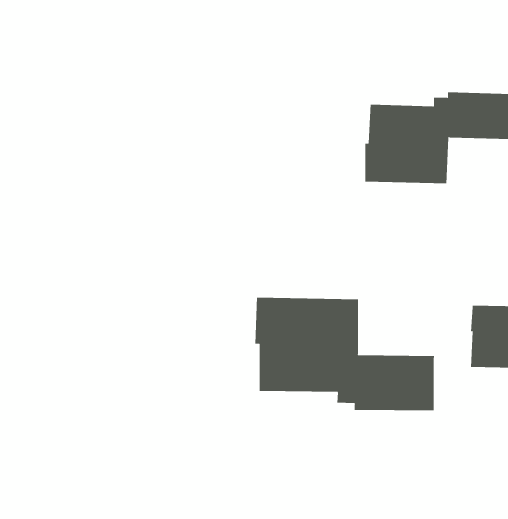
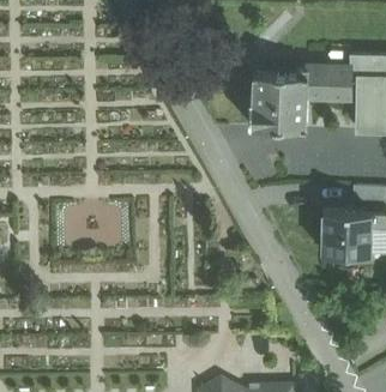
building: [255,297,434,411] -> none

